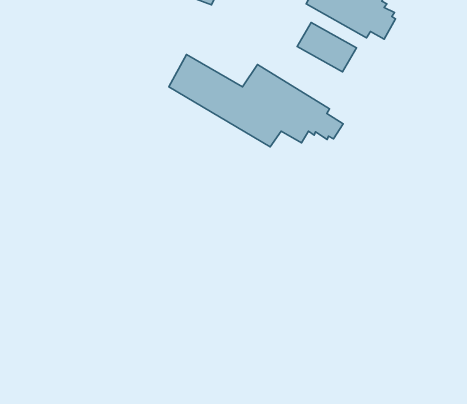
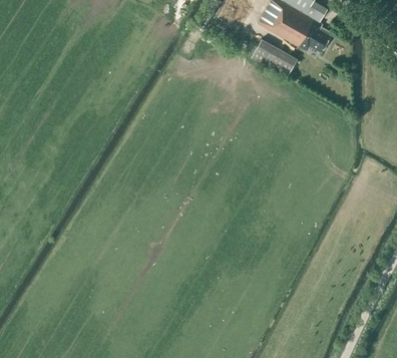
building: [169,54,343,147] -> none

